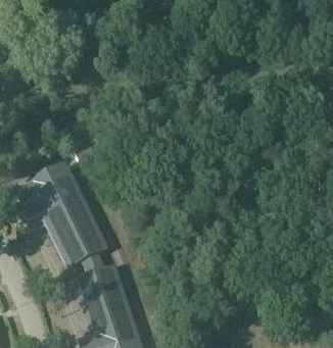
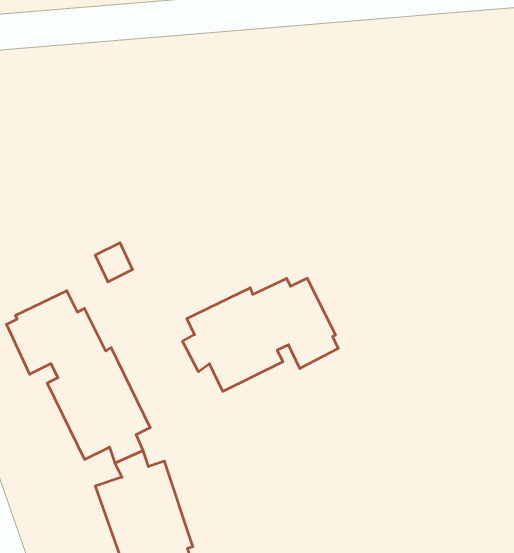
building: none -> [183,278,338,391]

